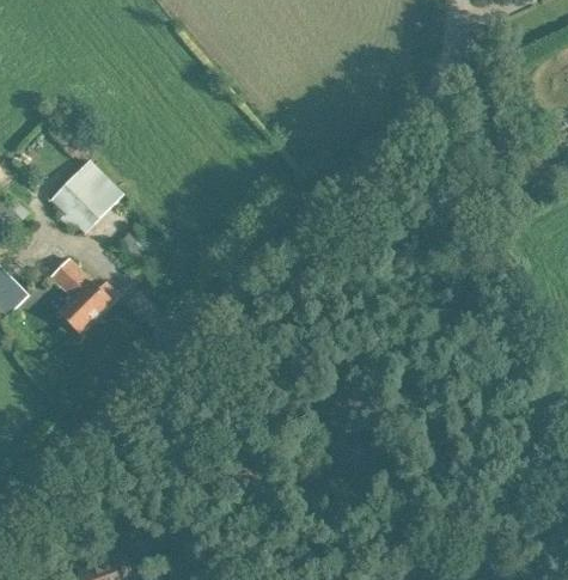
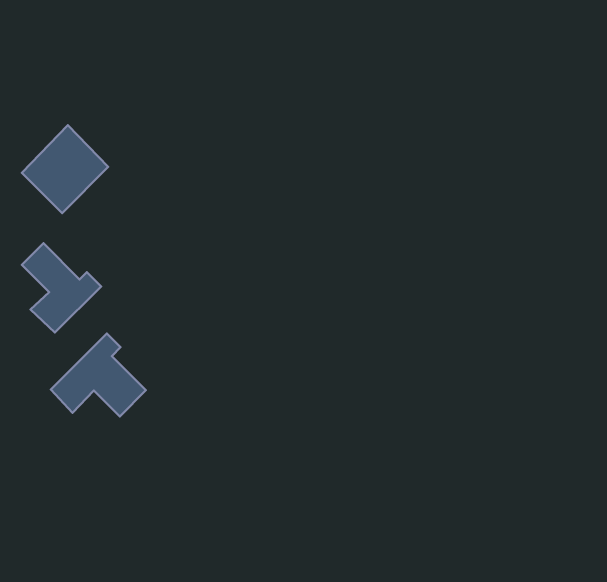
building: none -> [51,334,146,416]

